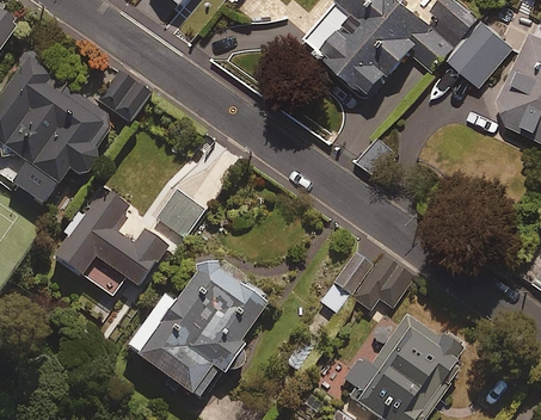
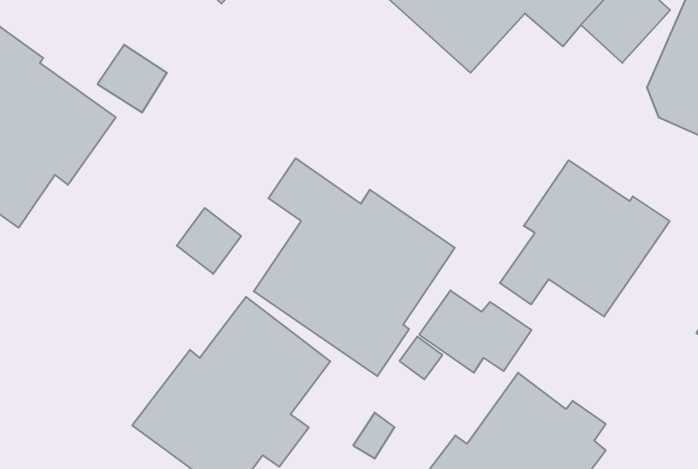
building: none -> [254,158,455,376]
building: none -> [500,160,670,317]
building: [53,189,166,288] -> none

